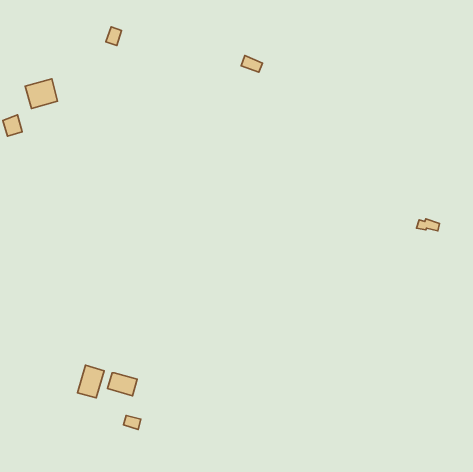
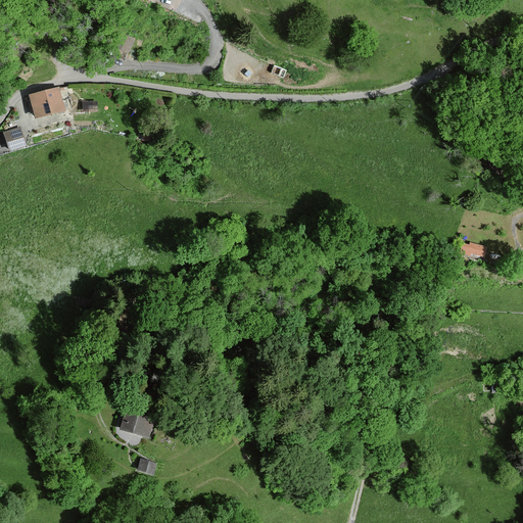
building: [77,365,104,398] -> none

